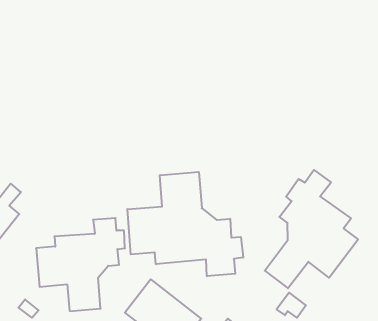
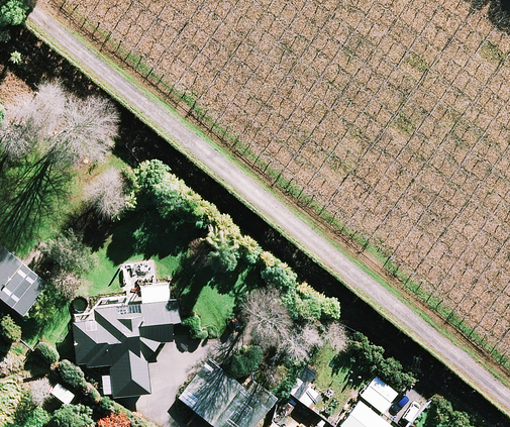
building: [265,170,358,288] -> none
building: [127,172,243,276] -> none

